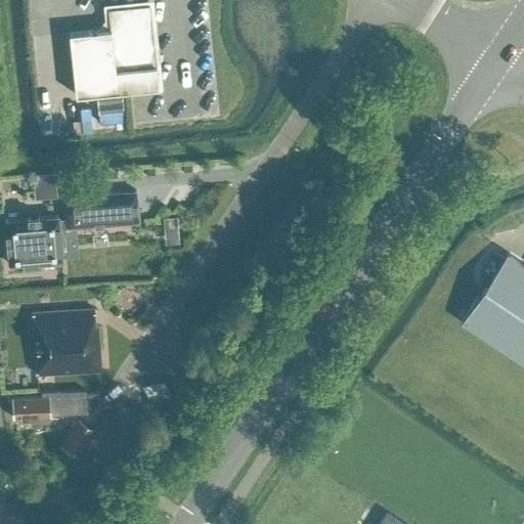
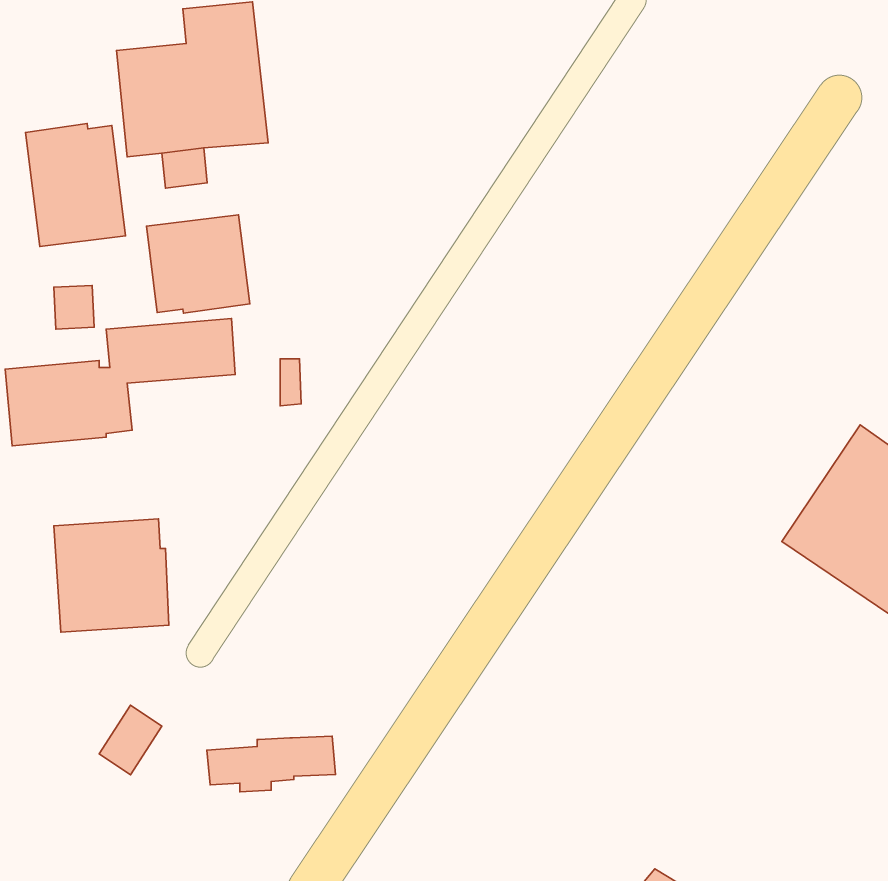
building: none -> [26,123,125,246]
building: none -> [146,215,250,313]
building: [11,392,87,425] -> [207,736,336,792]

